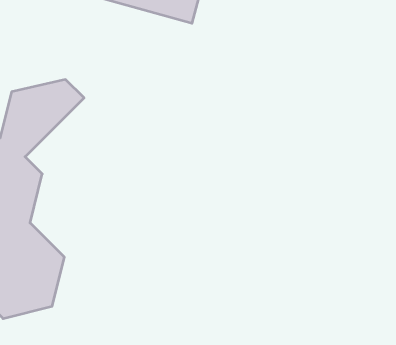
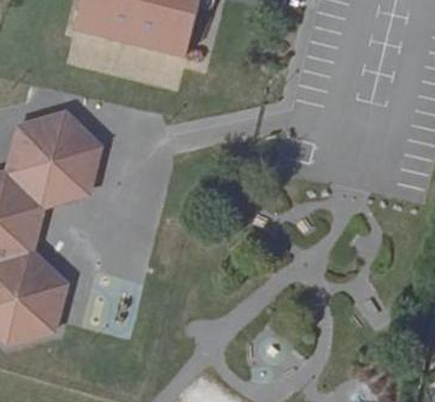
building: none -> [27,130,99,205]

